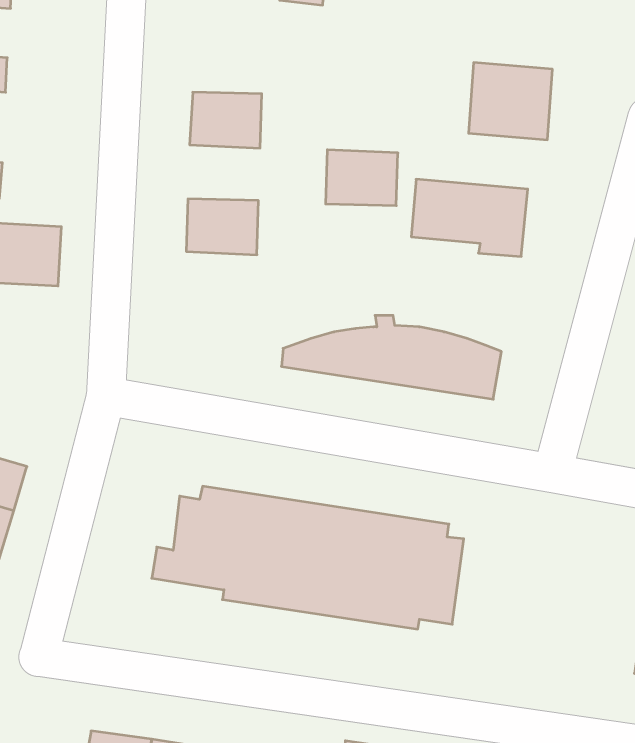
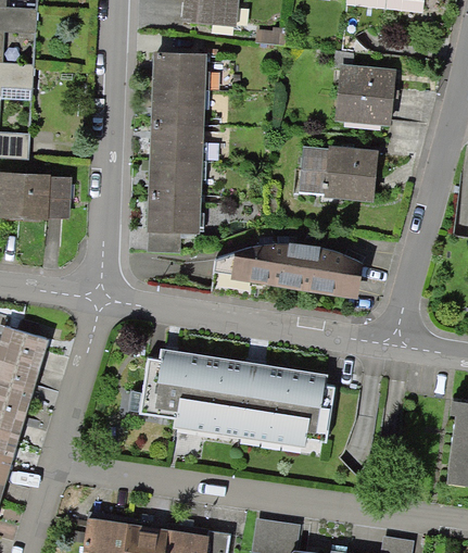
building: none -> [155,55,202,92]
building: [326,150,398,206] -> [152,126,200,163]
building: none -> [149,197,198,254]

